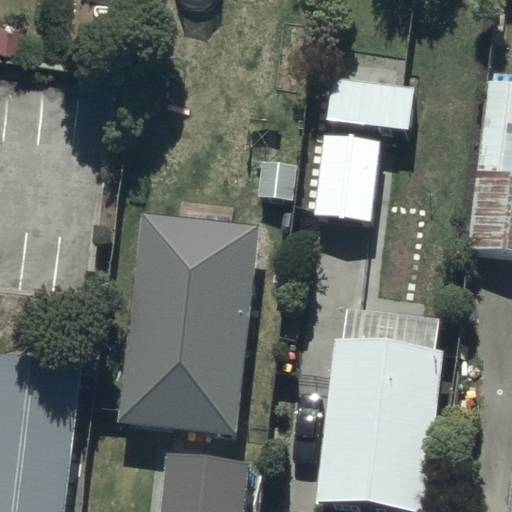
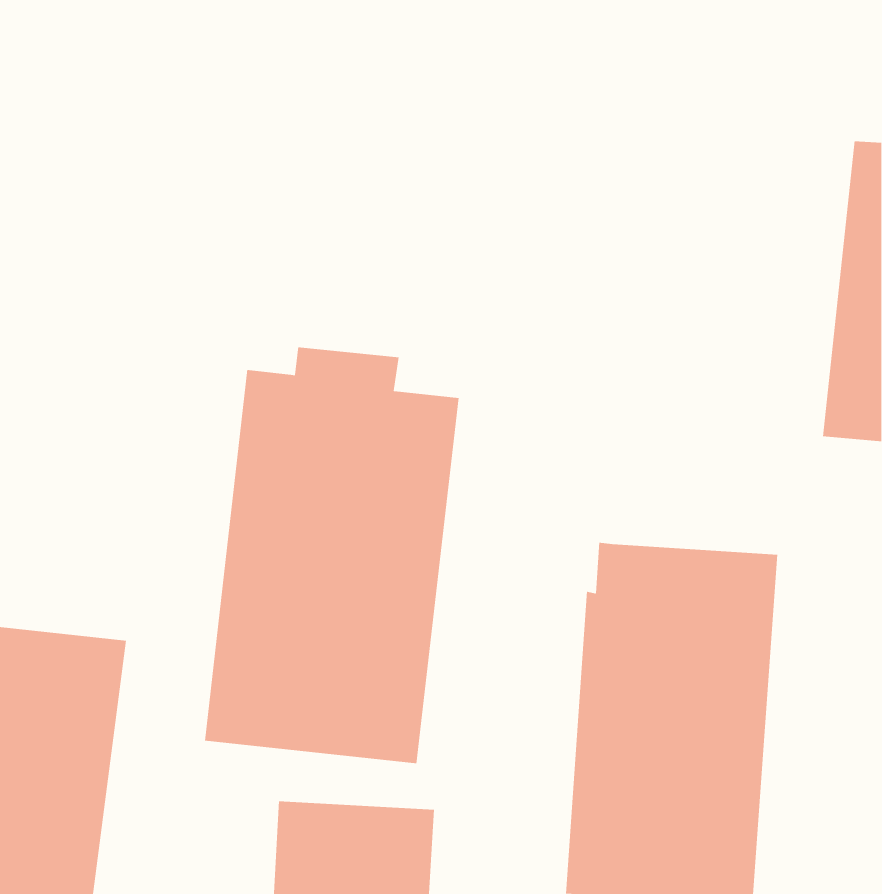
building: [311,79,416,205] -> none

